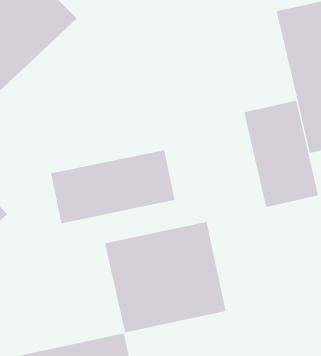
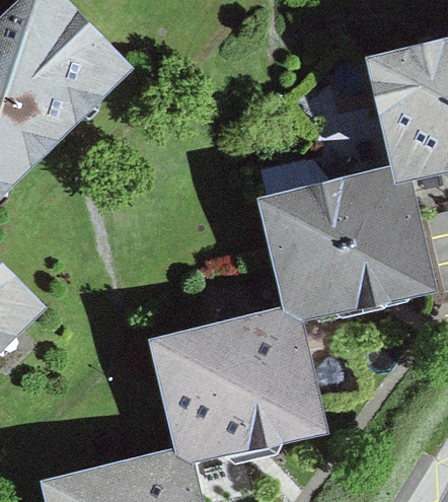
building: none -> [264,178,362,315]
building: [50,149,175,224] -> none

